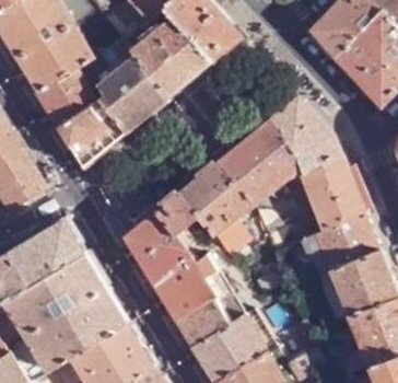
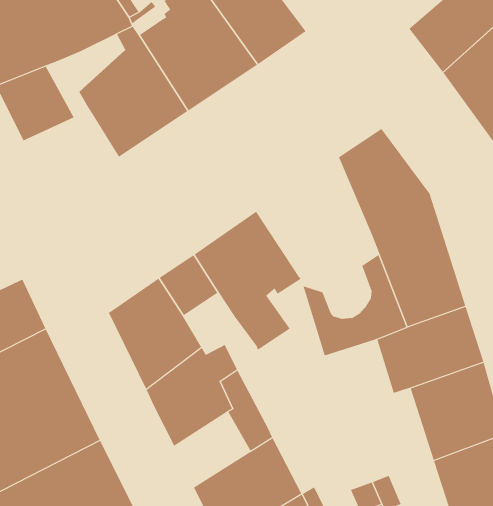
building: [59,103,124,167] -> none
building: [219,120,296,204] -> none
building: [177,297,229,349] -> none

